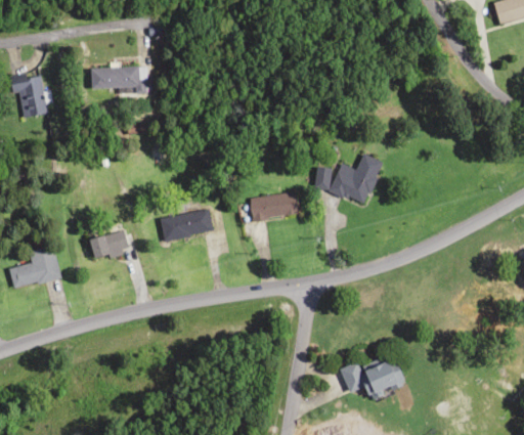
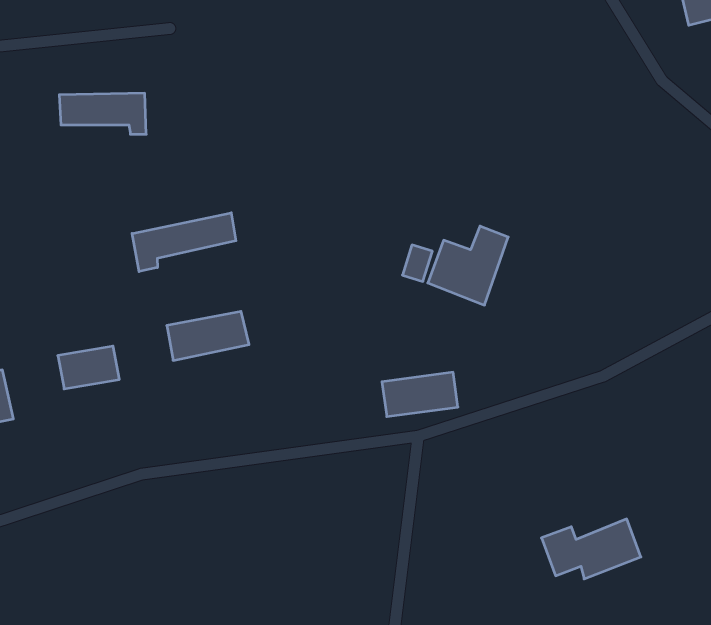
building: none -> [132,213,236,272]
building: [249,191,298,220] -> [382,372,458,417]
building: [339,356,403,395] -> [541,519,641,579]

